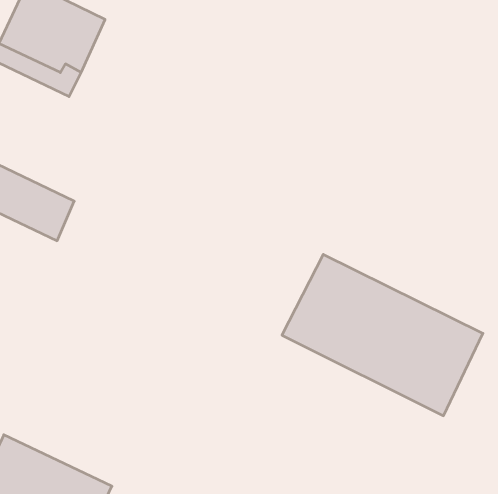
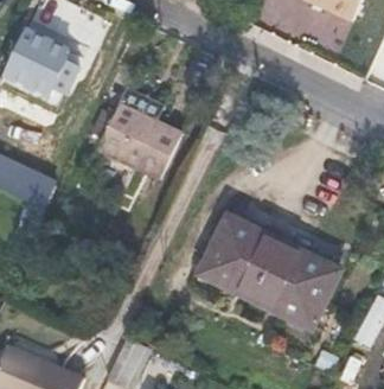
building: none -> [100,106,179,177]

